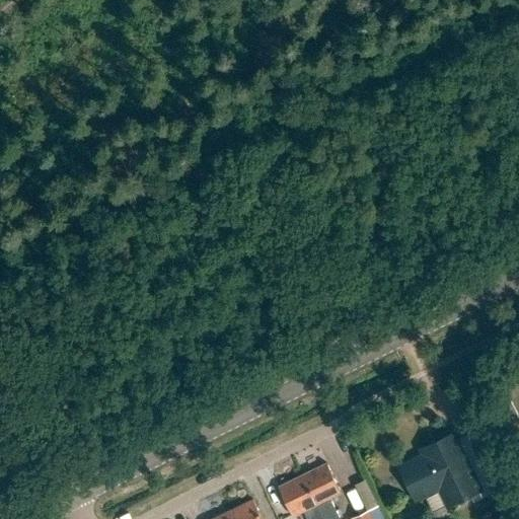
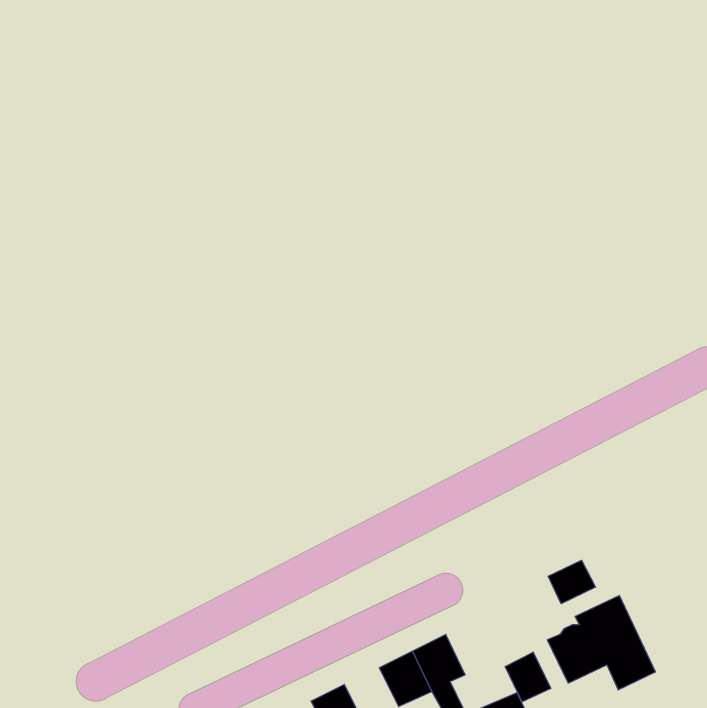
building: none -> [548,560,595,604]
building: none -> [505,652,551,702]

